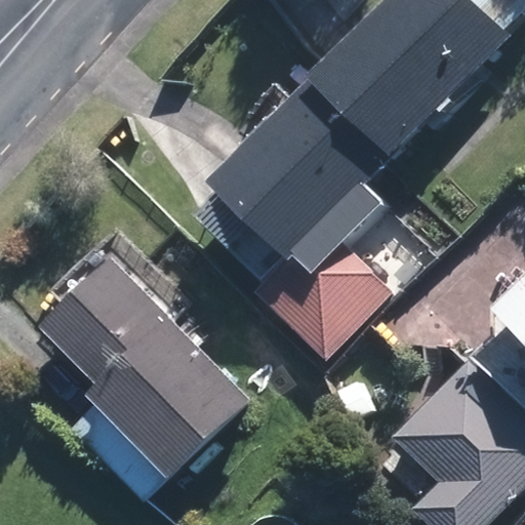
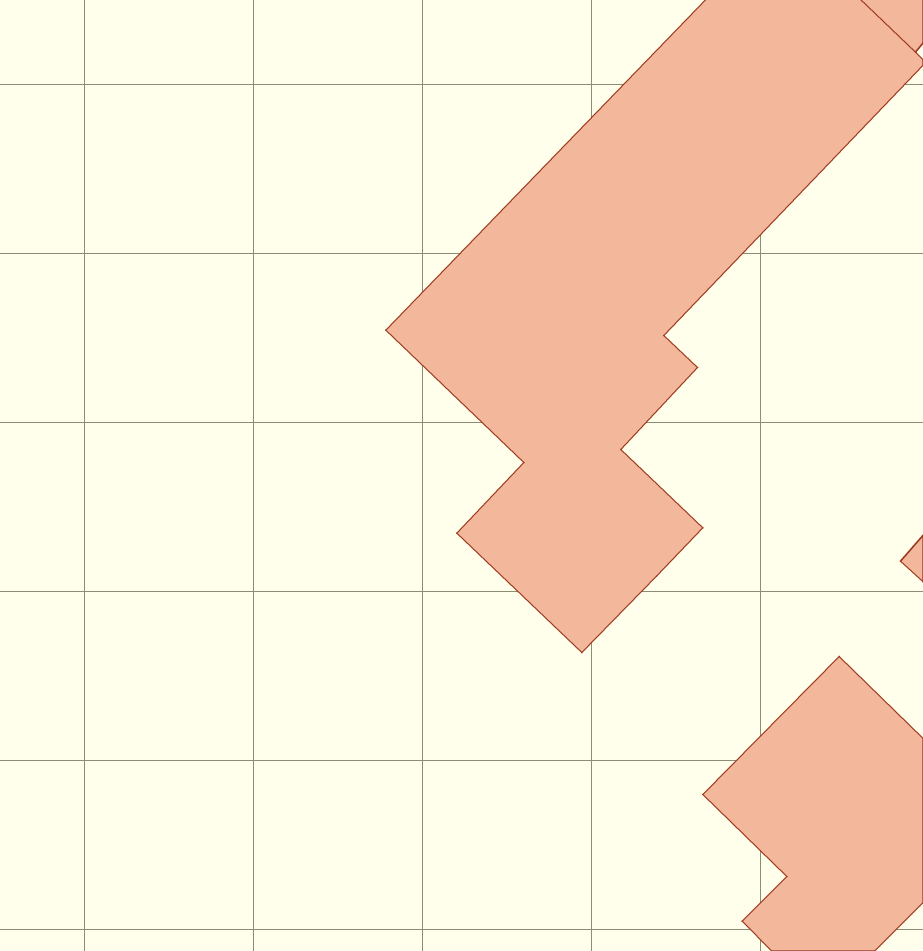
building: [40,257,250,478] -> none

